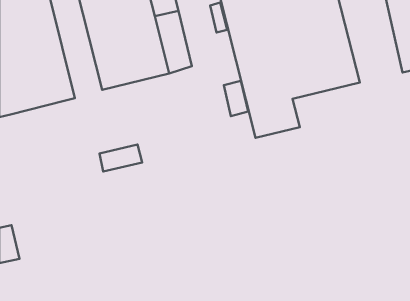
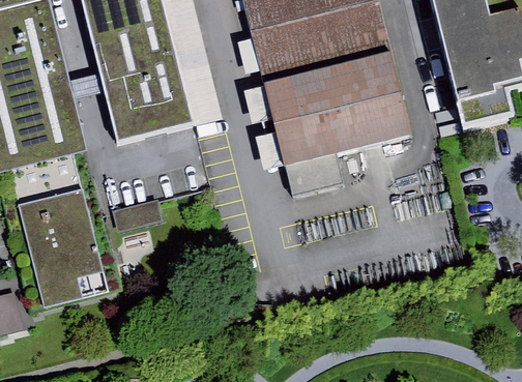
building: none -> [12,152,108,306]

